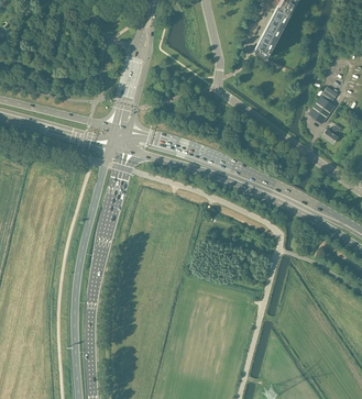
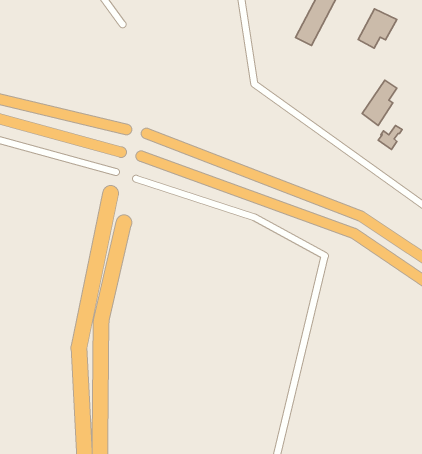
building: none -> [358,9,397,48]

